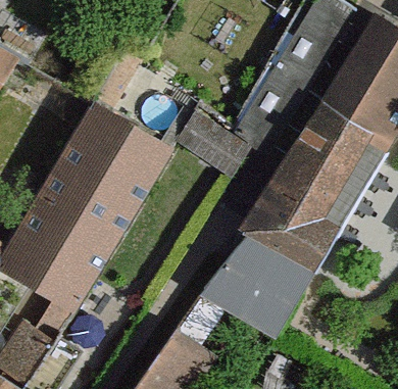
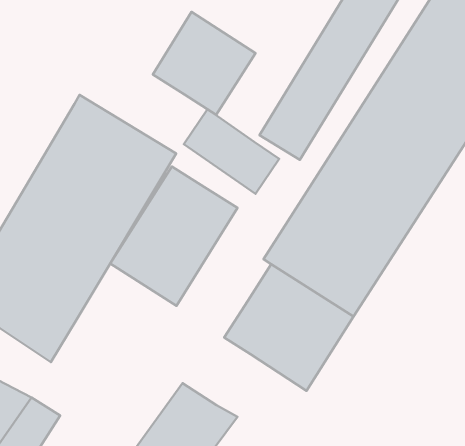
building: none -> [153,12,256,115]
building: none -> [110,167,238,306]

